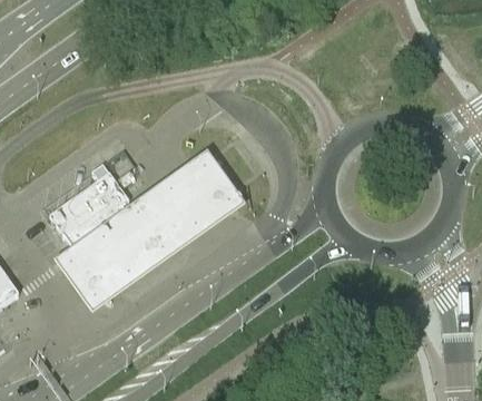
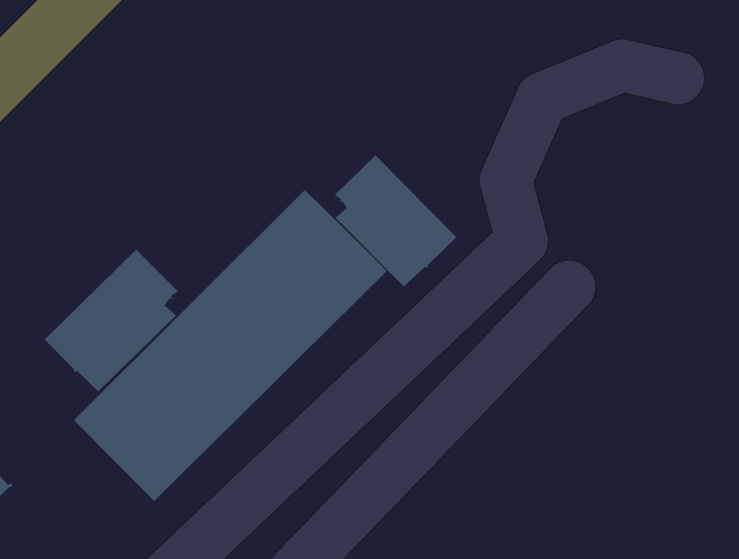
building: none -> [334,155,457,287]

